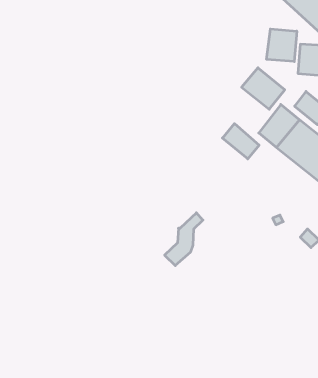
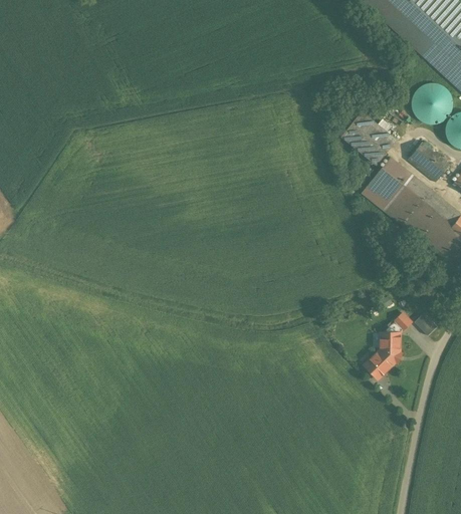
building: [267,29,297,62] -> none
building: [222,124,259,159] -> none
building: [165,213,203,266] -> [365,313,412,378]

